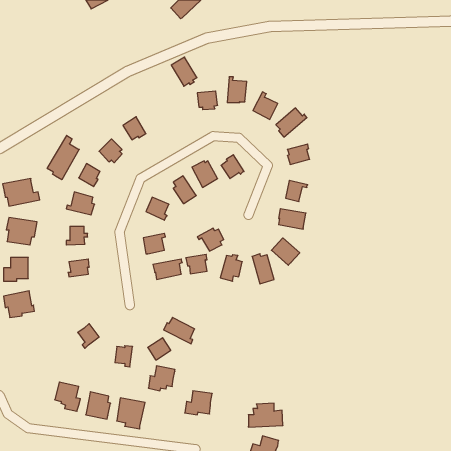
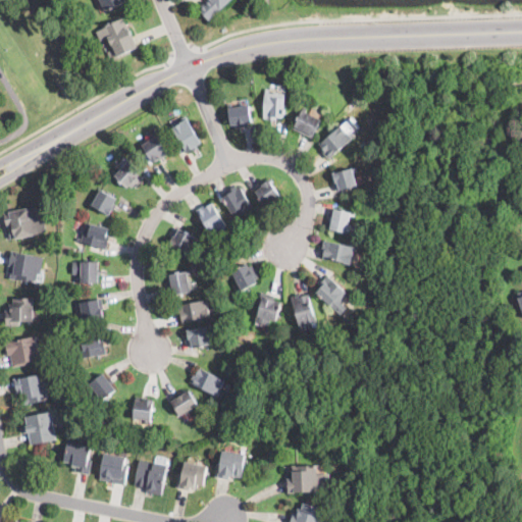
building: none -> [95,18,137,60]
building: [171,57,197,86] -> [171,119,201,153]
building: [47,135,79,180] -> none
building: [186,254,207,274] -> [186,326,210,349]
building: none -> [75,335,105,360]
building: none -> [12,374,49,406]
building: none -> [22,412,56,445]
building: [148,366,175,391] -> [175,462,206,490]

